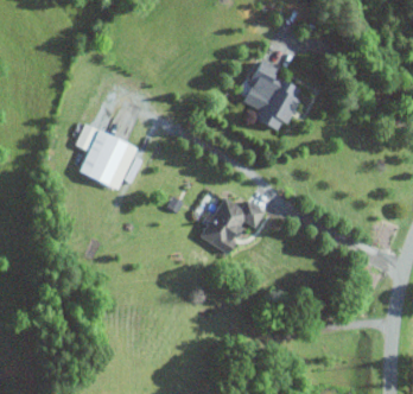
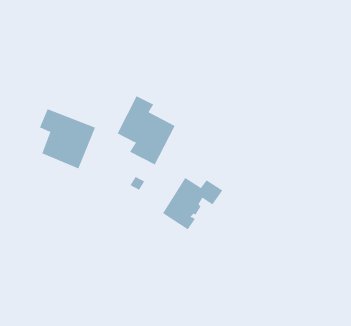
building: [241,58,303,132] -> [117,95,175,165]

